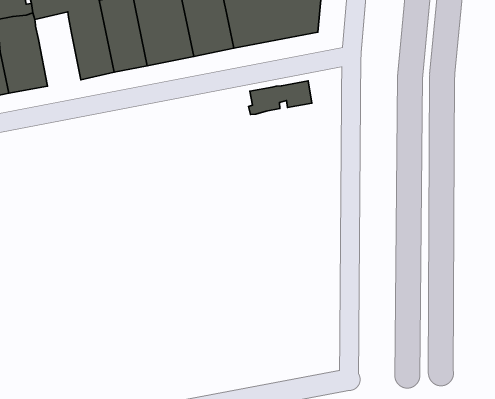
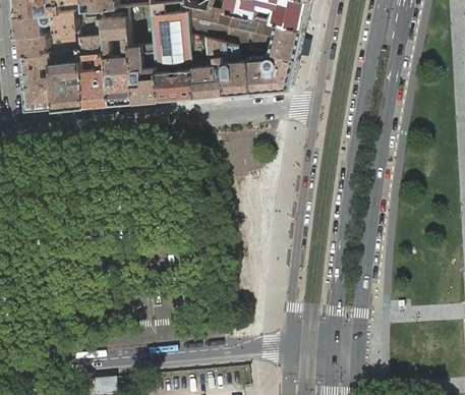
building: none -> [76,55,106,109]
building: [248,81,312,114] -> none

